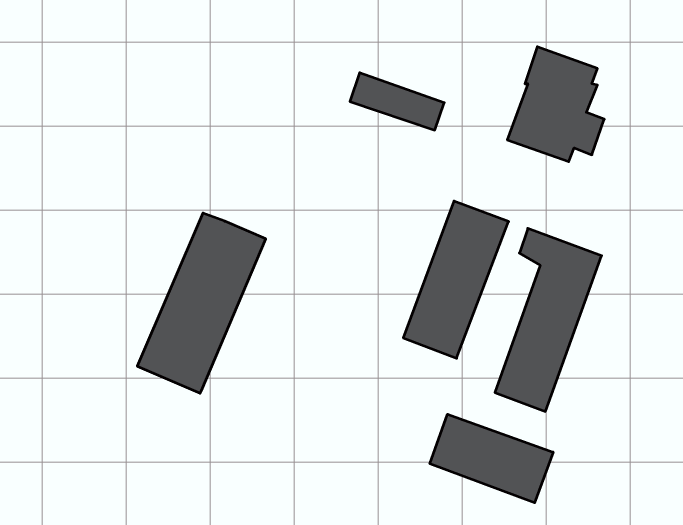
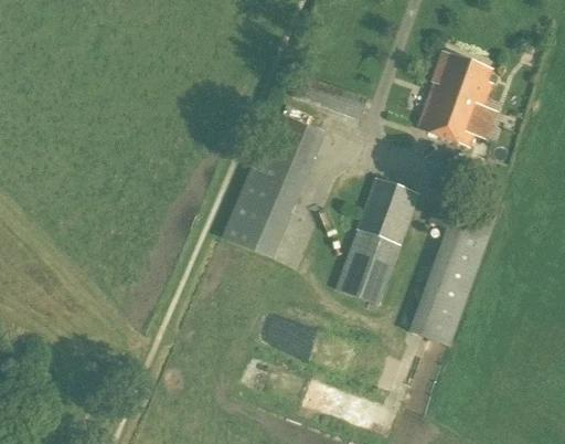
building: [137,213,266,393] -> [222,113,326,258]
building: [430,414,553,503] -> none

